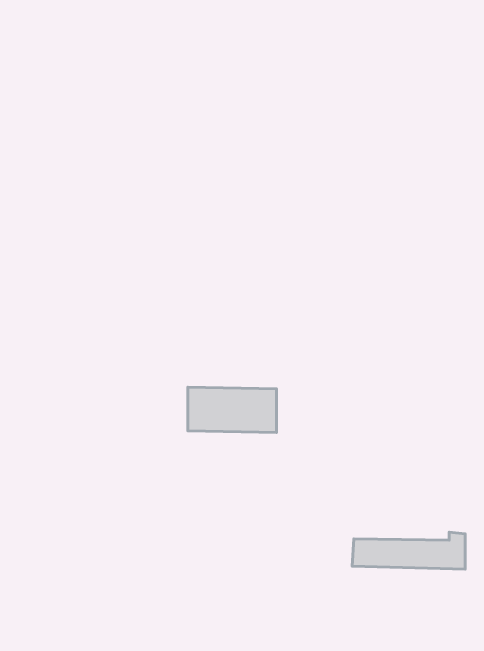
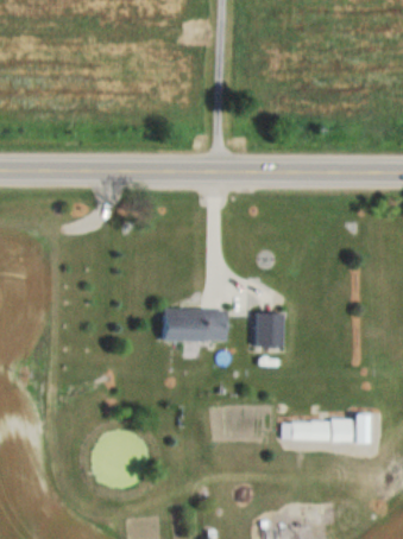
building: none -> [258,313,286,348]

